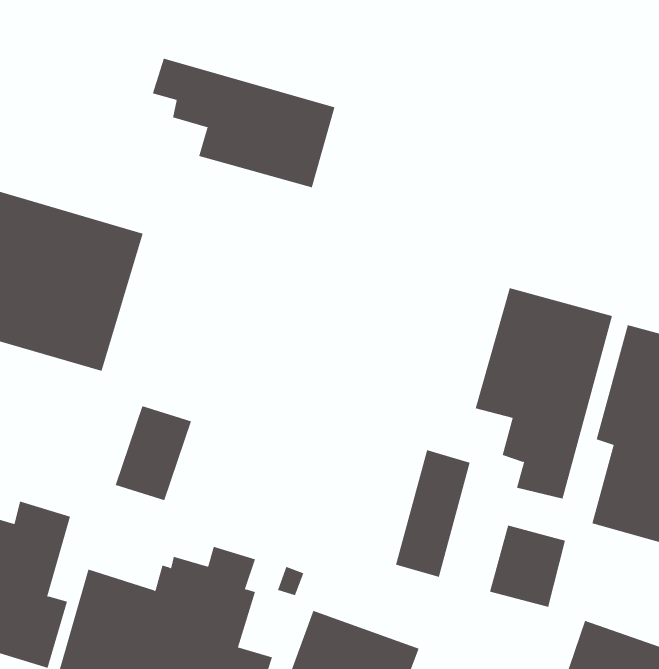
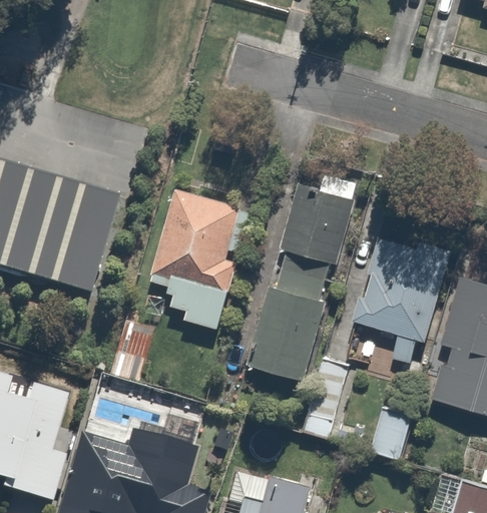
building: [152,58,335,188] -> none
building: none -> [240,169,353,384]
building: none -> [146,188,248,329]

